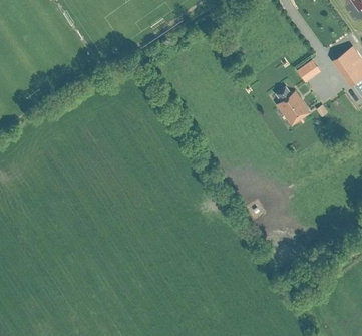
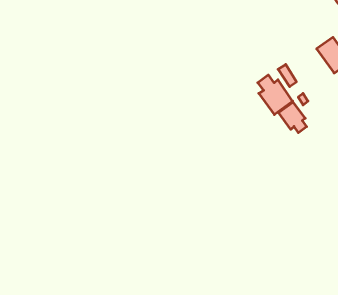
building: none -> [279,102,307,133]

